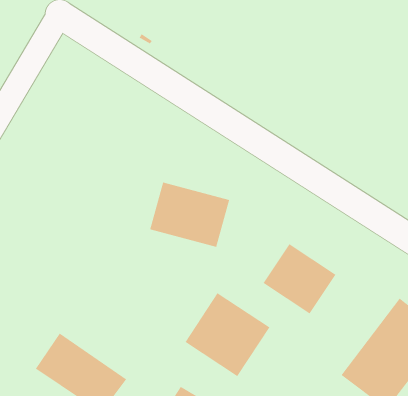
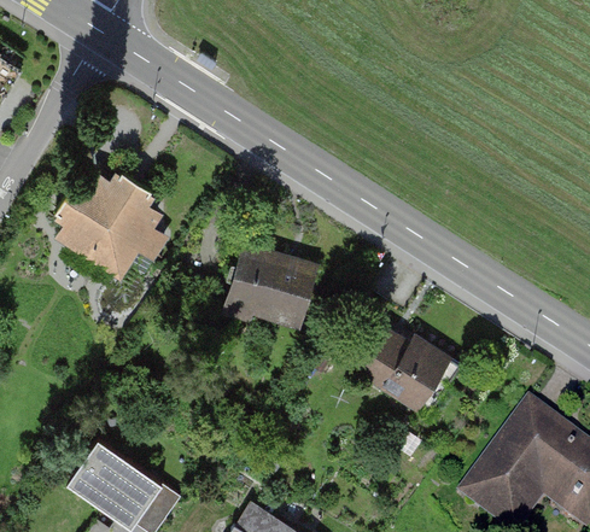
building: none -> [35,156,177,285]
building: [185,292,270,377] -> none

